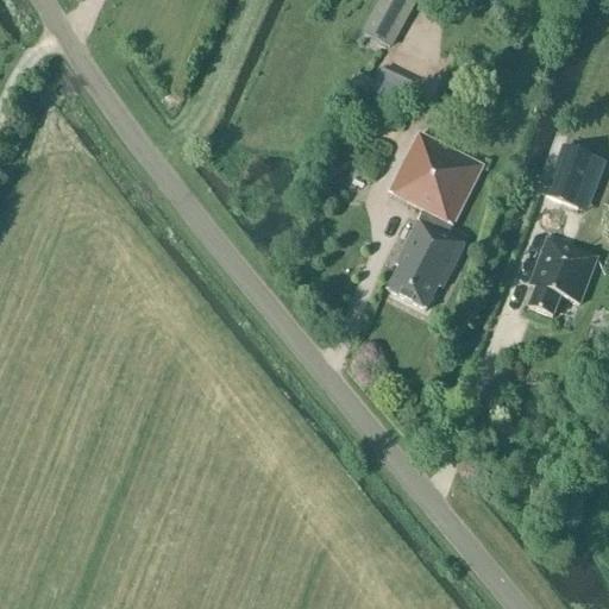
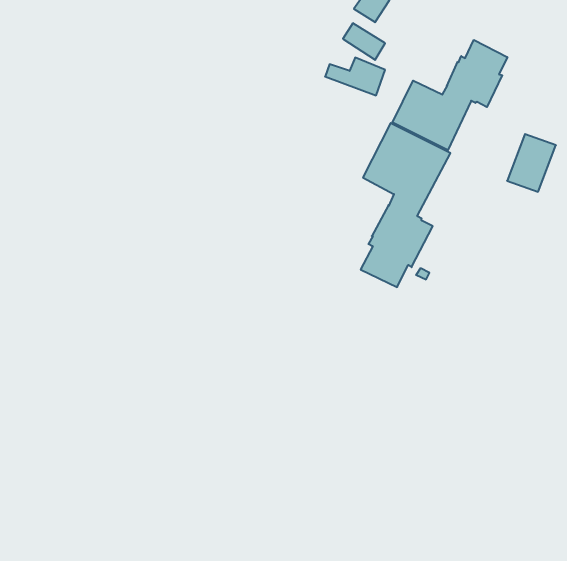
building: none -> [393,40,507,150]
building: [529,237,596,315] -> none

